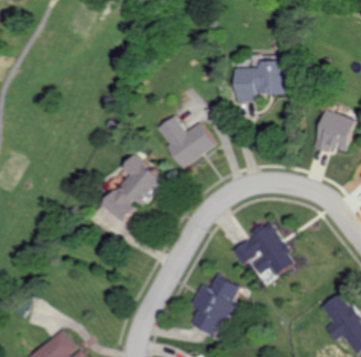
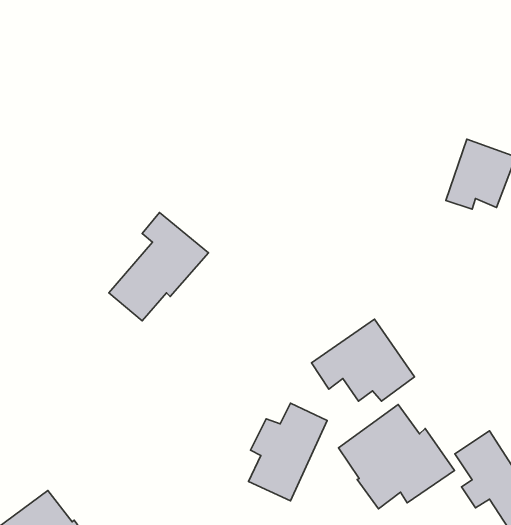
building: [234,60,283,101] -> none
building: [155,116,215,167] -> none
building: none -> [338,405,454,509]

